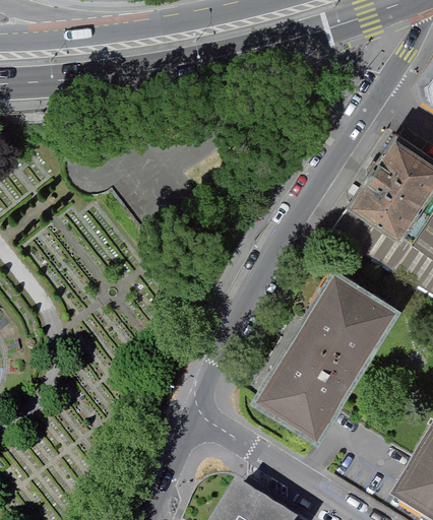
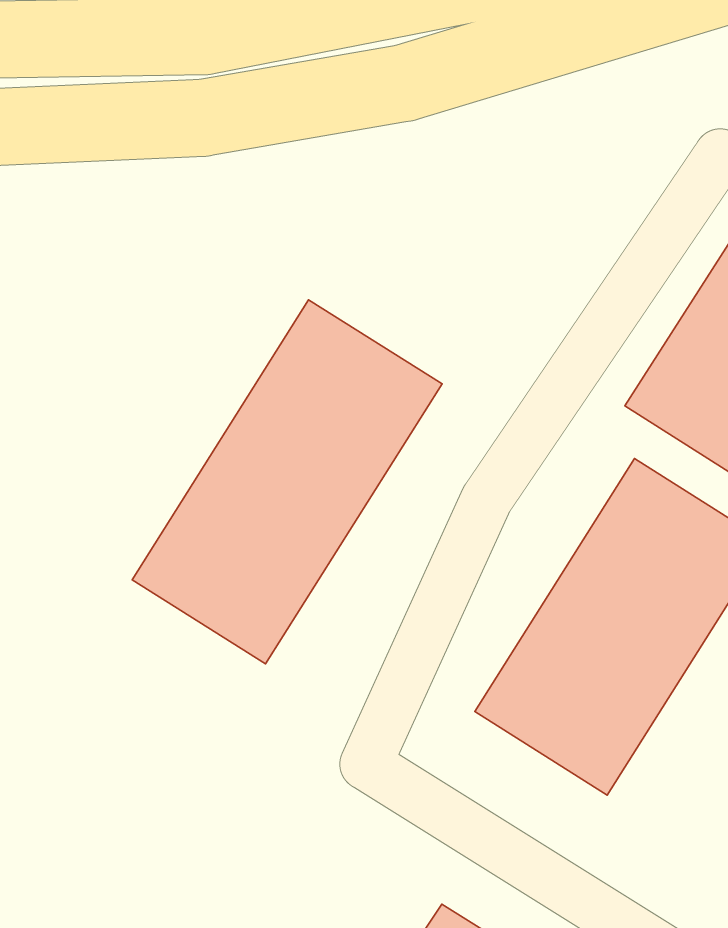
building: none -> [132,300,442,664]

